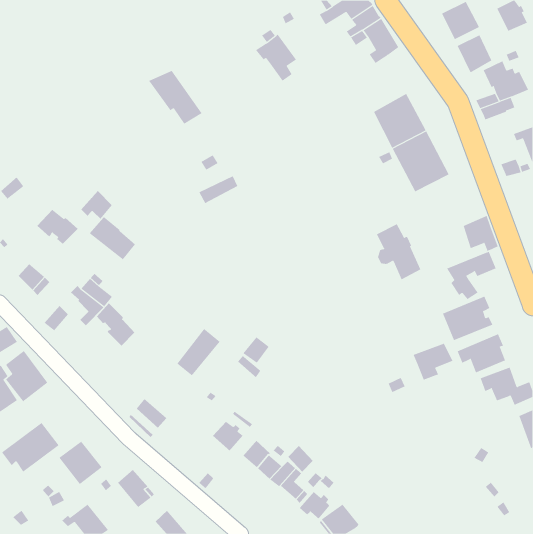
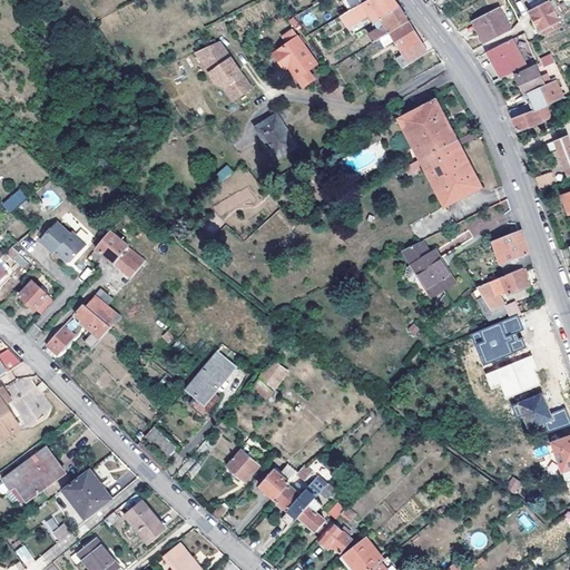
building: [148,70,202,125] -> [193,42,250,100]
building: none -> [254,114,296,160]
building: [80,190,112,220] -> none
building: [96,302,135,346] -> none
building: [413,343,453,380] -> none

